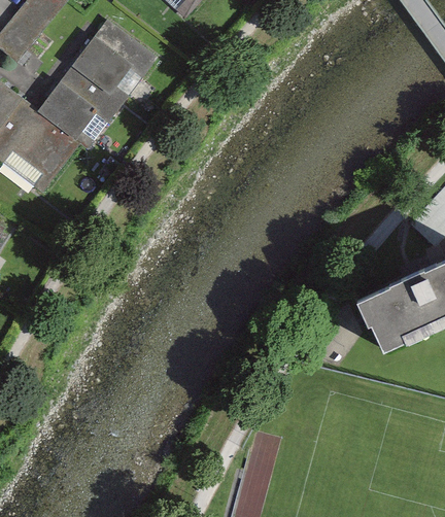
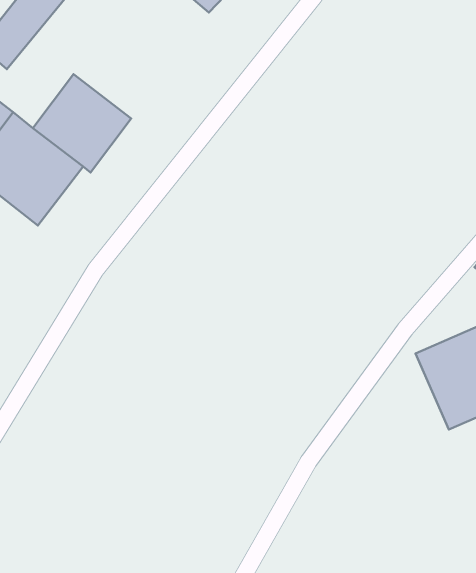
building: [71,19,156,101] -> none

